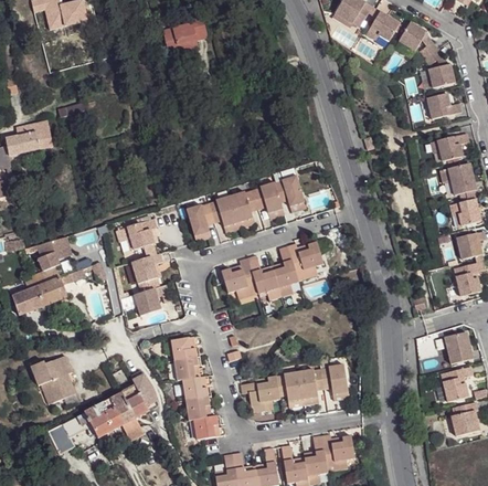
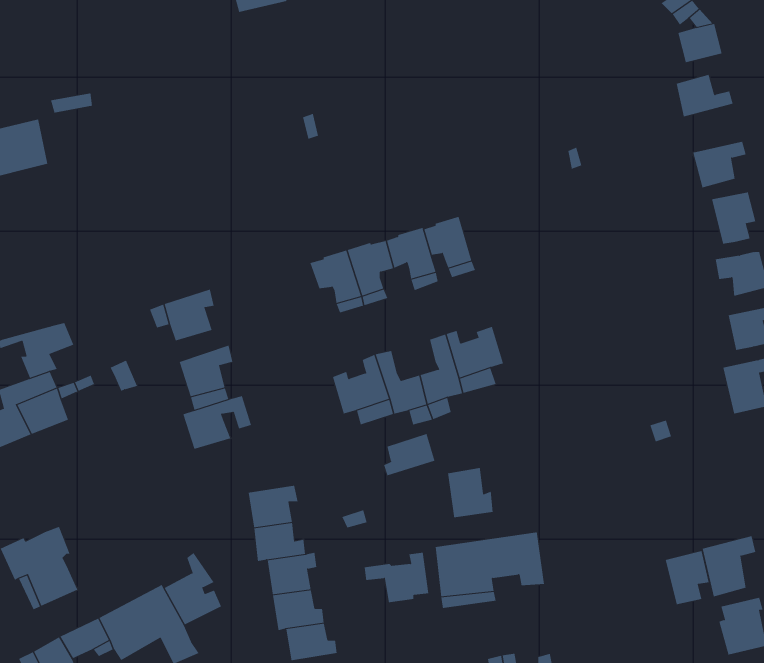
building: [187,203,214,242] -> none
building: none -> [383,433,435,476]
building: none -> [447,467,493,518]
building: [444,330,470,362] -> [665,551,710,605]

